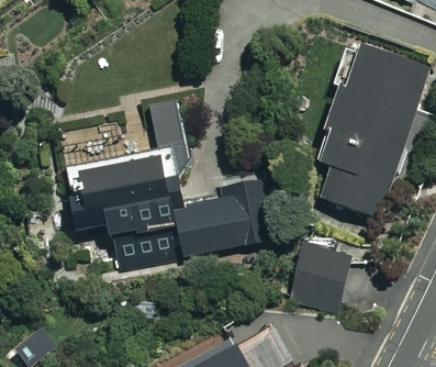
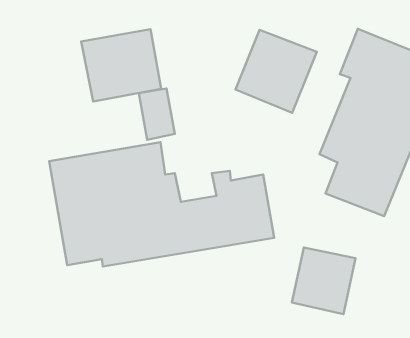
building: none -> [81,29,161,101]
building: none -> [235,30,317,113]

